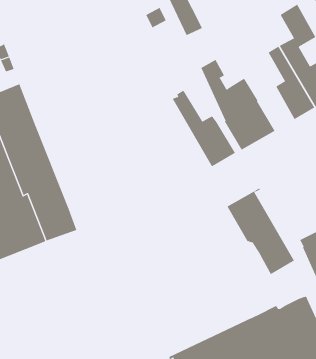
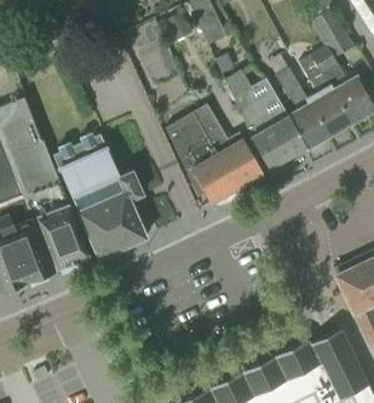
building: none -> [276,68,328,149]
building: none -> [53,133,146,259]
building: [226,188,295,275] -> [162,109,237,205]

